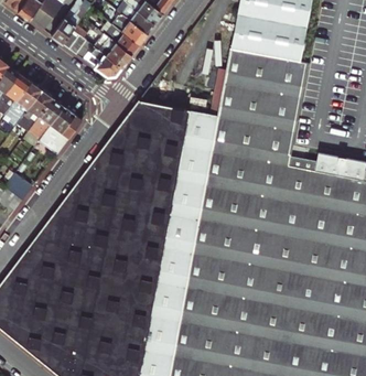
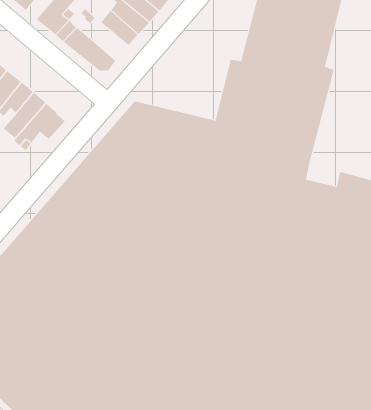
building: [96,35,132,68] -> none

